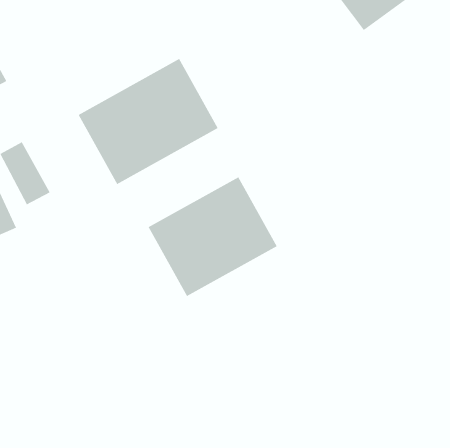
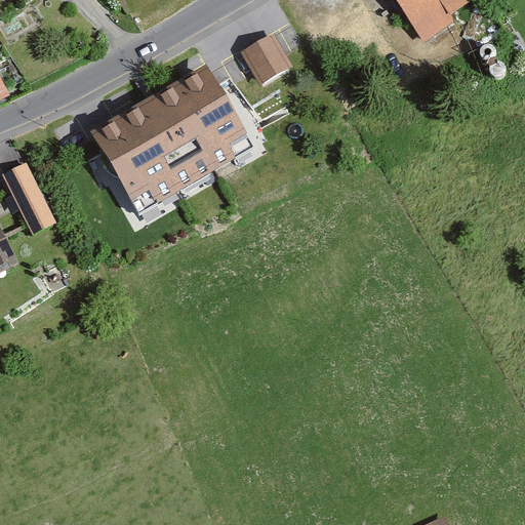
building: none -> [236,29,288,81]
building: [148,177,277,297] -> none

